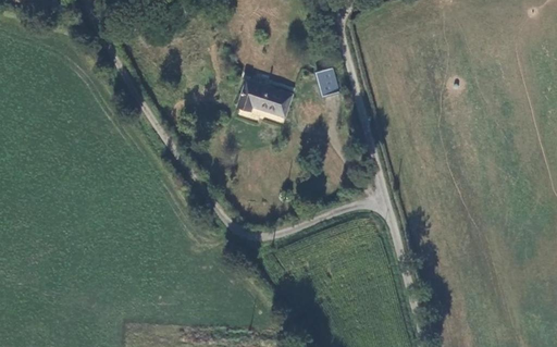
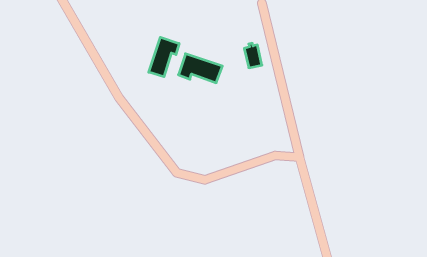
building: none -> [149,37,179,77]

